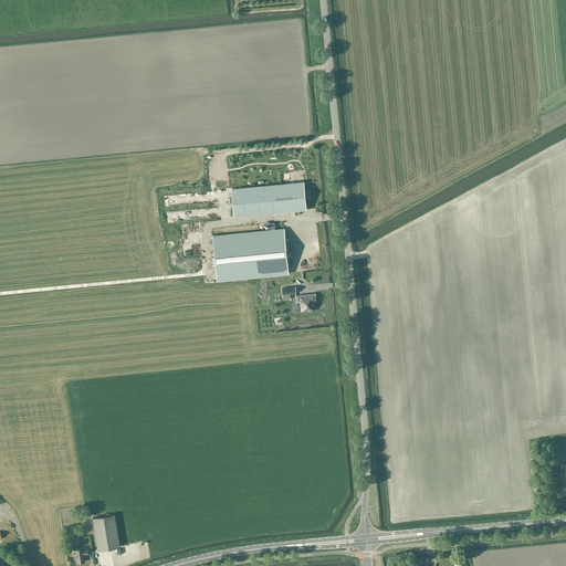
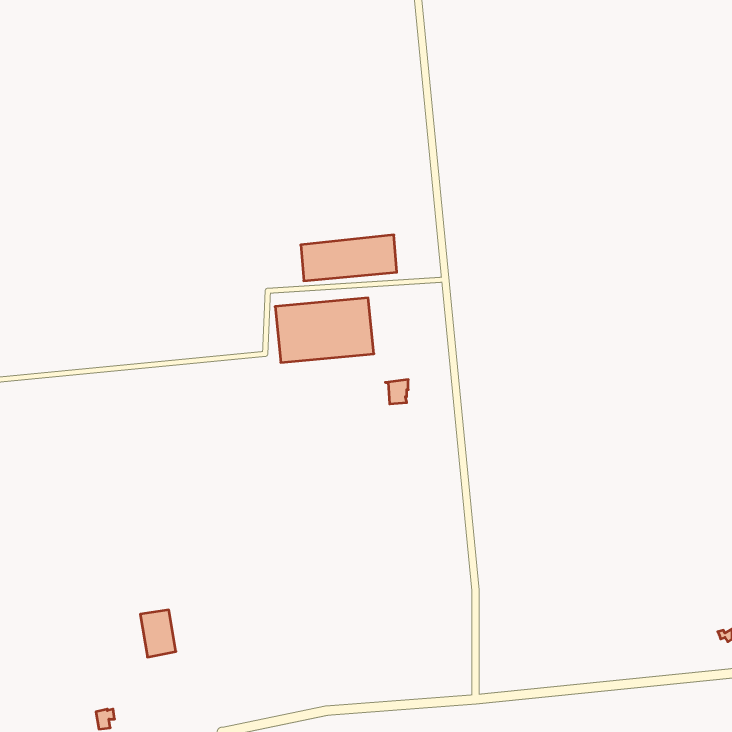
building: [92,514,119,551] -> [140,610,176,657]

